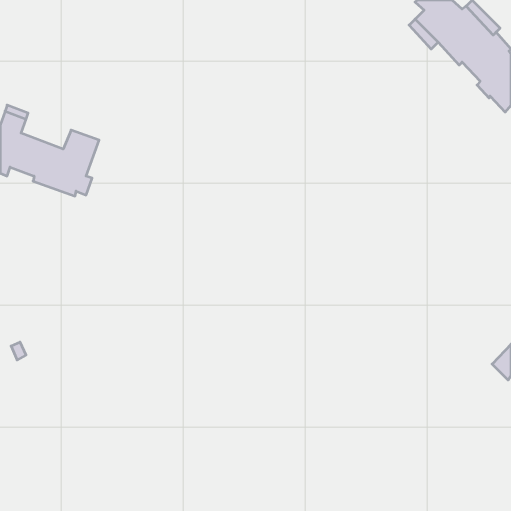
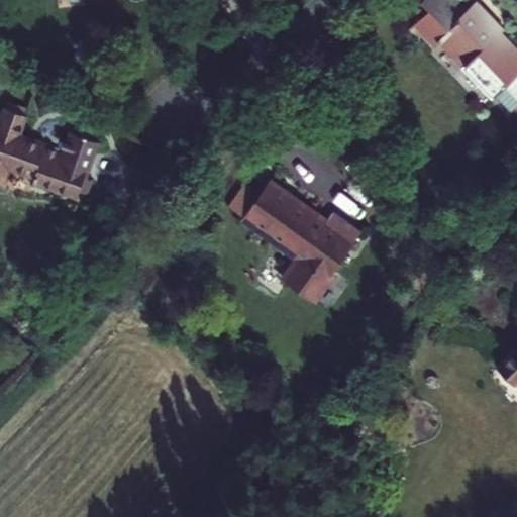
building: none -> [240,182,360,304]

